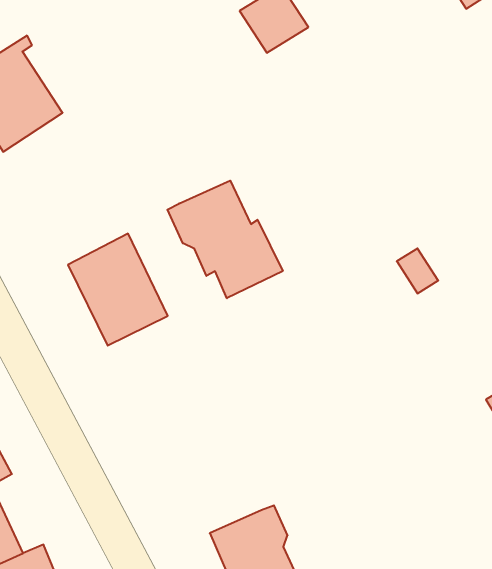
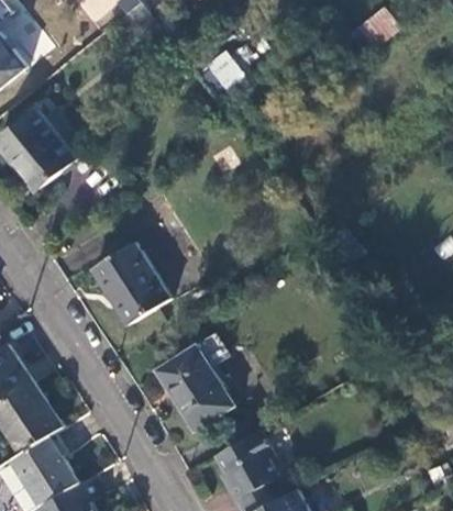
building: [167,181,283,298] -> none
building: none -> [157,347,234,432]

